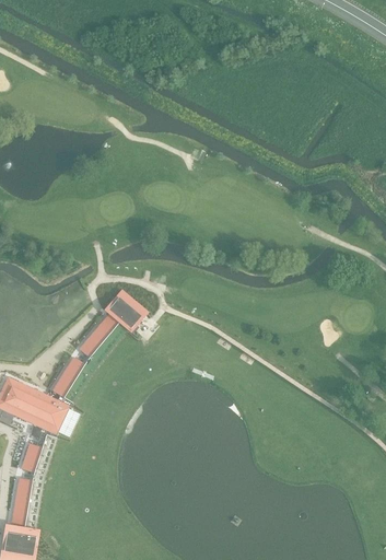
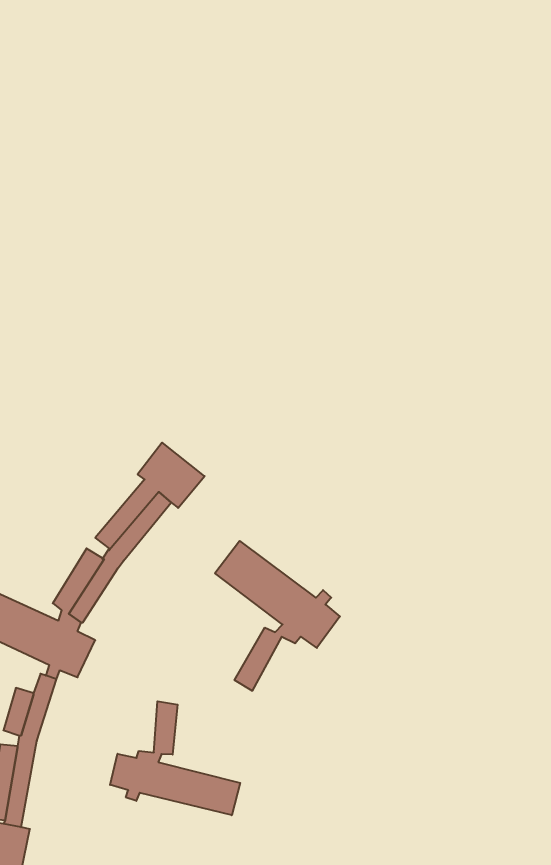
building: none -> [215,541,340,691]
building: none -> [110,701,240,815]

